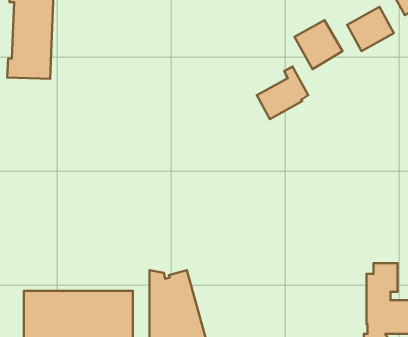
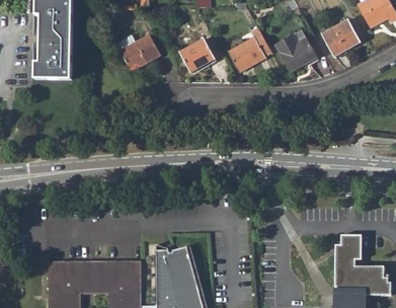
building: none -> [114,33,158,68]
building: none -> [177,38,212,72]
building: [257,66,308,119] -> [227,27,270,72]

